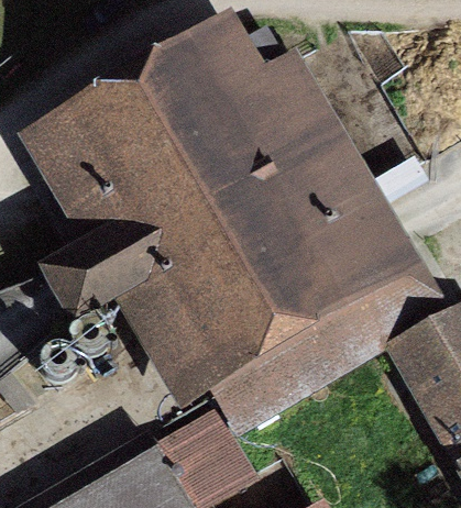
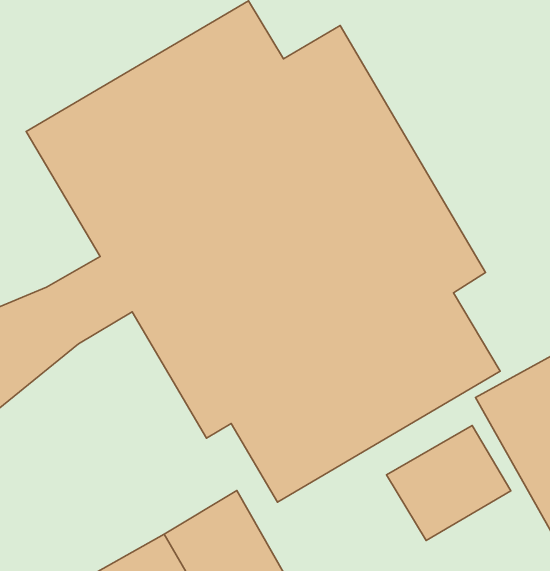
building: none -> [386,425,511,541]

